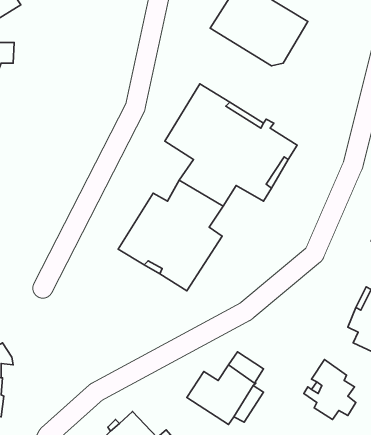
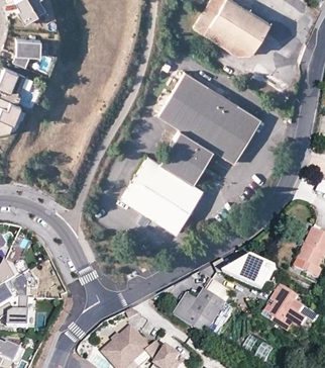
building: none -> [223,258,277,290]

